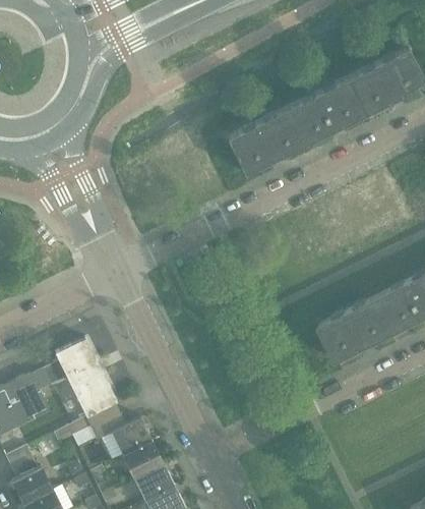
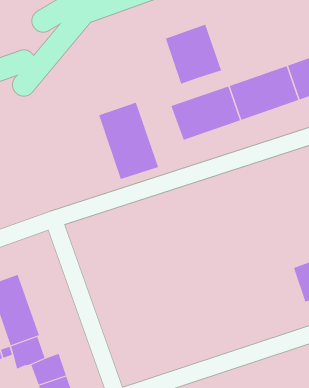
building: none -> [165,24,222,85]
building: none -> [98,102,159,180]
building: [319,295,398,361] -> none

